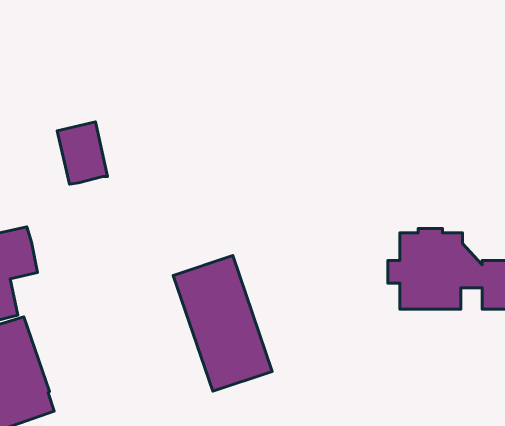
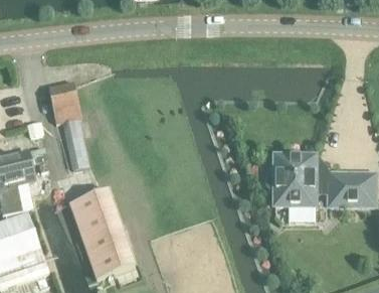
building: none -> [62,118,88,169]
building: [173,256,272,391] -> [69,188,135,278]

